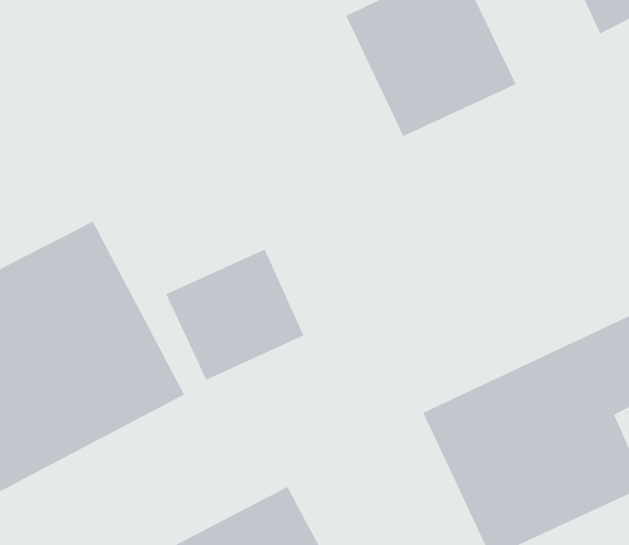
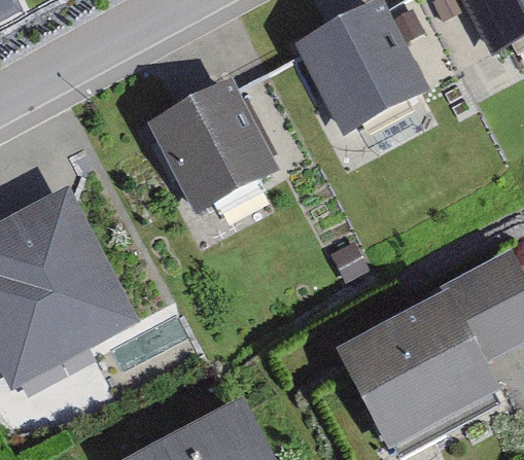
building: none -> [144,66,277,208]
building: [165,249,305,381] -> none

